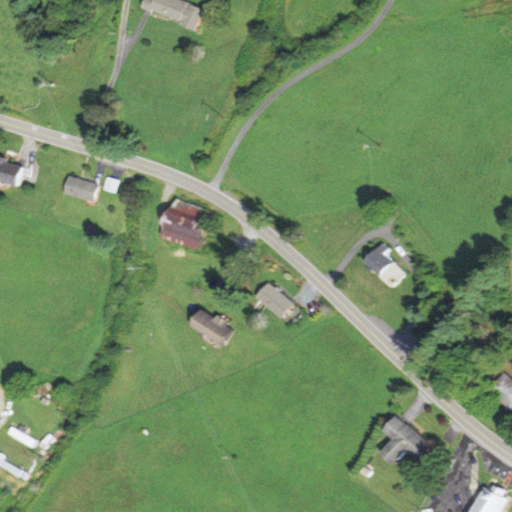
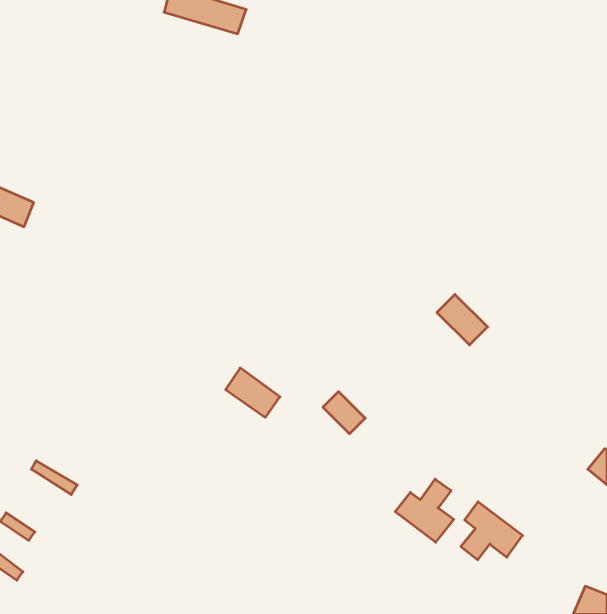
building: [61,175,98,202] -> none
building: [157,198,211,250] -> none
building: [257,282,292,317] -> [323,392,365,434]
building: none -> [395,479,454,542]

